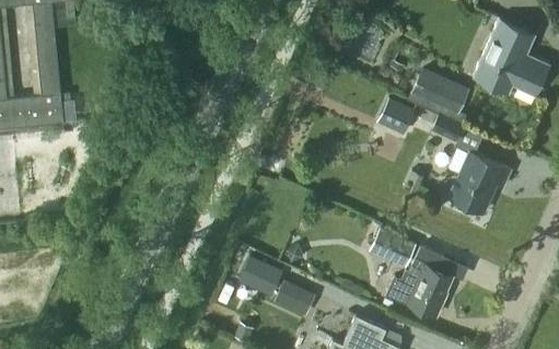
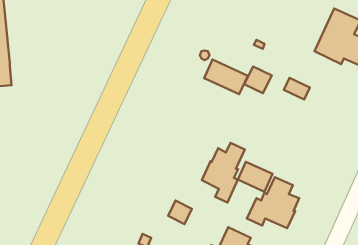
building: [410,68,469,115] -> [204,60,248,94]
building: [449,148,503,214] -> none
building: none -> [202,143,245,202]
building: [245,258,281,294] -> none

